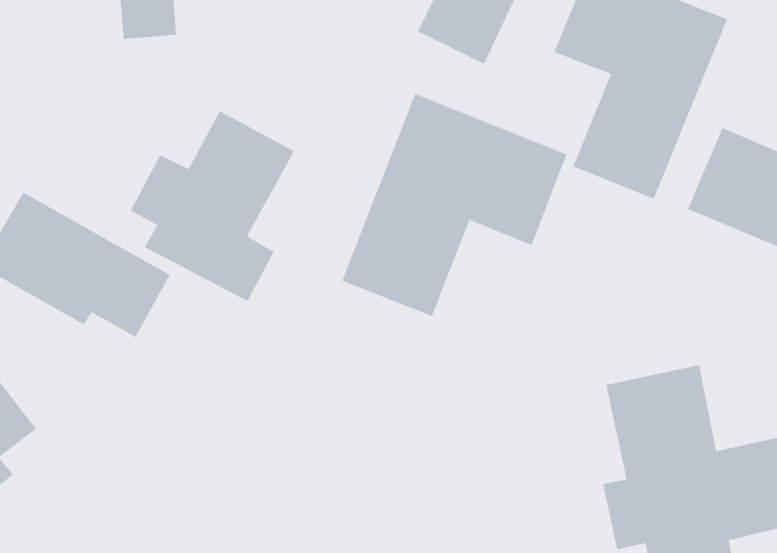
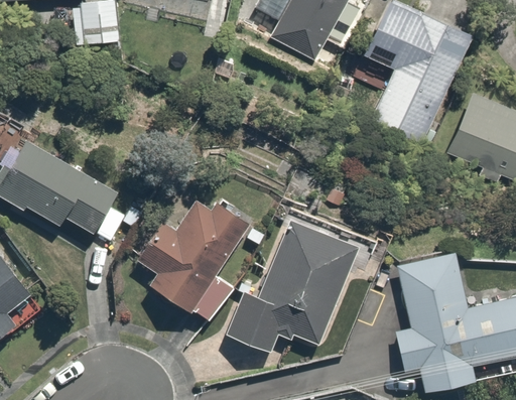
building: [342,93,567,317] -> none
building: [130,110,295,302] -> [138,198,244,321]
building: none -> [229,223,356,349]

